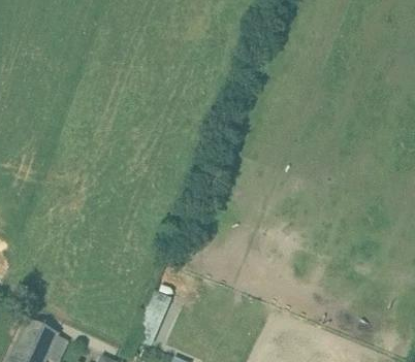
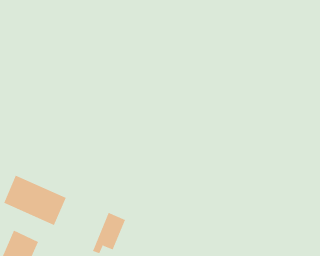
building: none -> [3,175,66,226]

